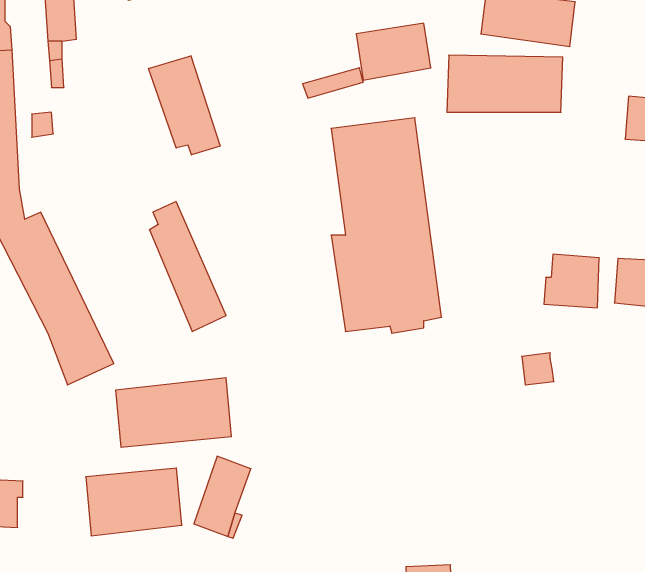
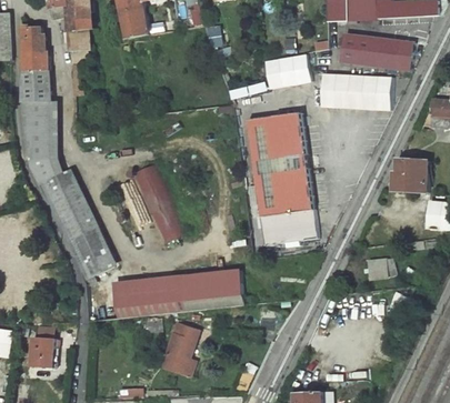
building: [149,56,220,155] -> none
building: [544,254,599,308] -> [393,159,428,192]
building: [86,468,182,536] -> [182,269,242,311]

